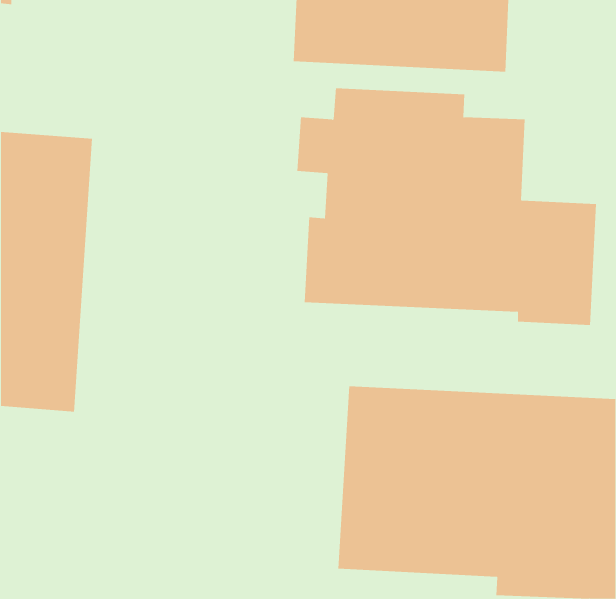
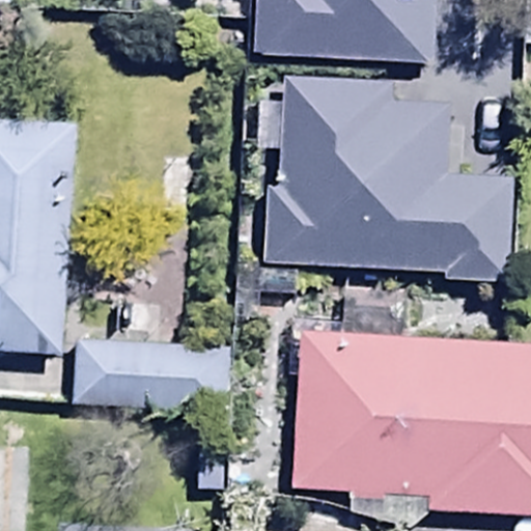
building: none -> [73,339,232,415]

